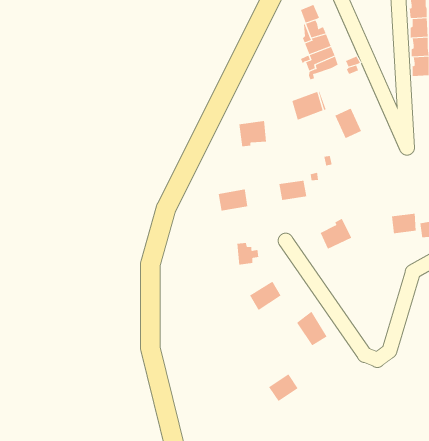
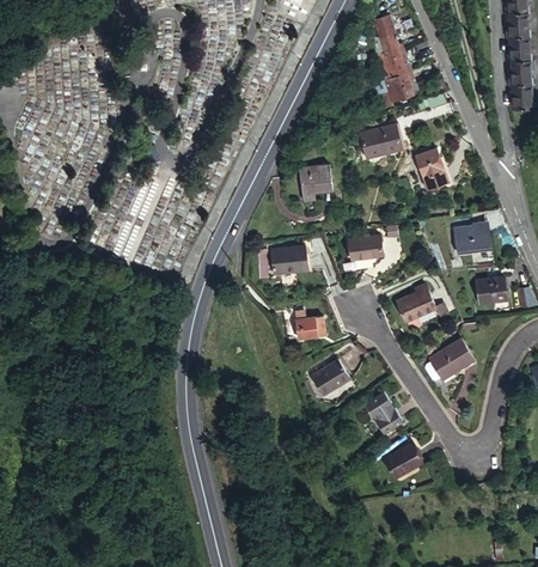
building: none -> [453,226,491,255]
building: none -> [429,340,477,382]
building: [268,373,299,402] -> [374,447,411,482]

